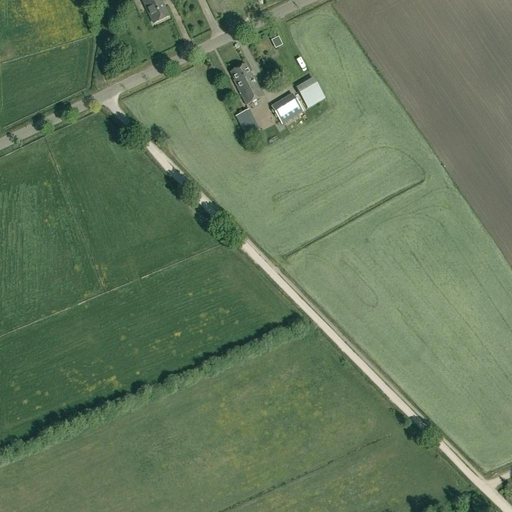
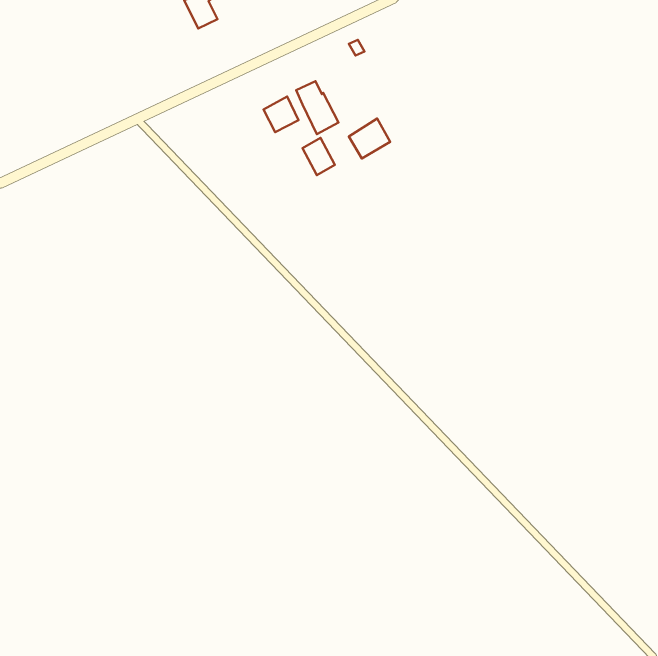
building: none -> [263,96,298,132]
building: [295,76,325,107] -> none

